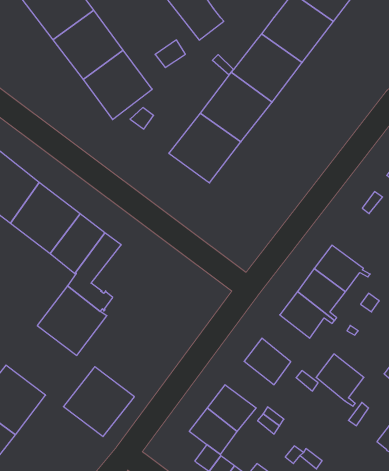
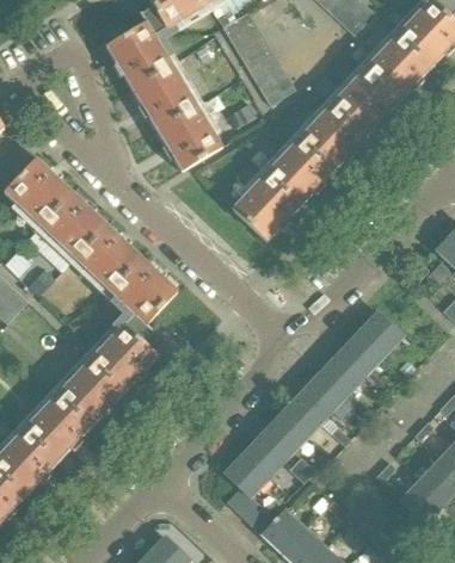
building: [316,354,364,406] -> [301,371,346,422]
building: none -> [262,412,308,457]
building: [63,367,134,437] -> [56,358,124,425]

